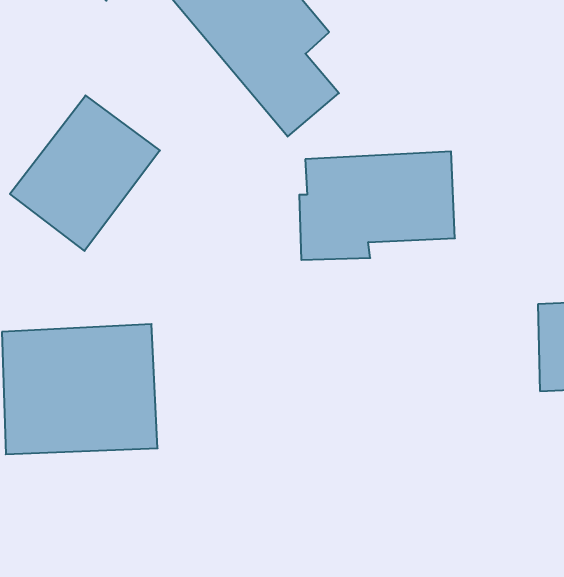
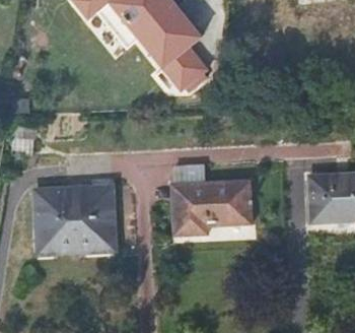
building: [10,95,160,251] -> none
building: [299,151,455,260] -> [171,183,252,239]

